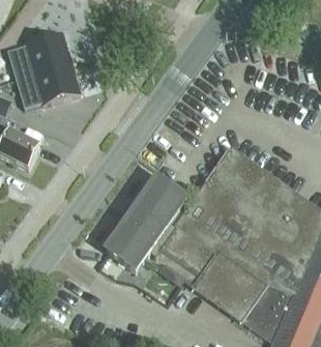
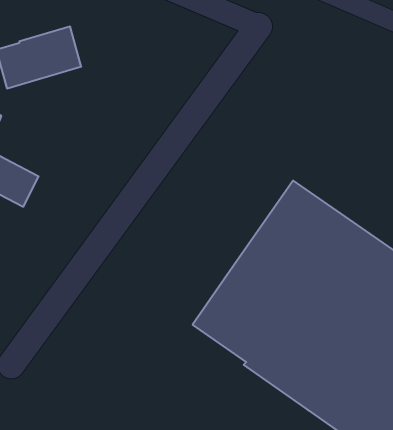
building: [16,64,80,110] -> none
building: [107,180,186,272] -> none

